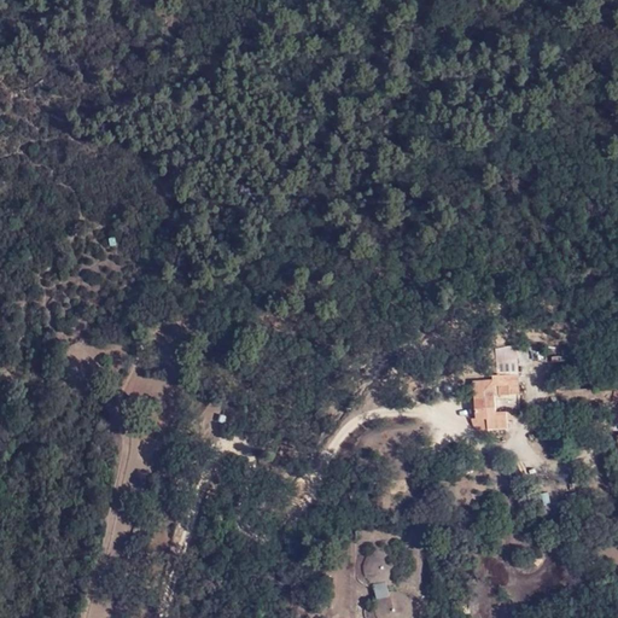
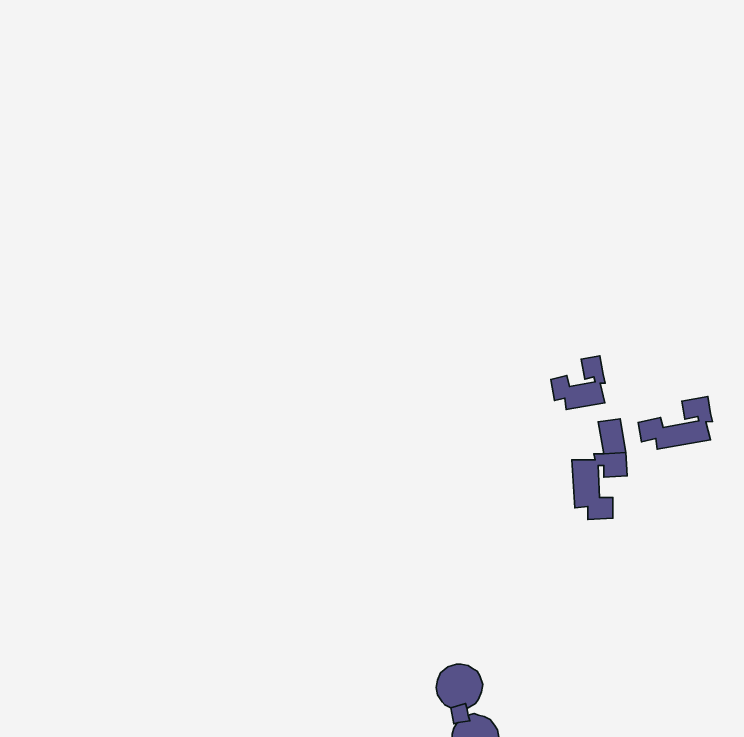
building: none -> [551,356,605,409]
building: none -> [638,397,713,449]

